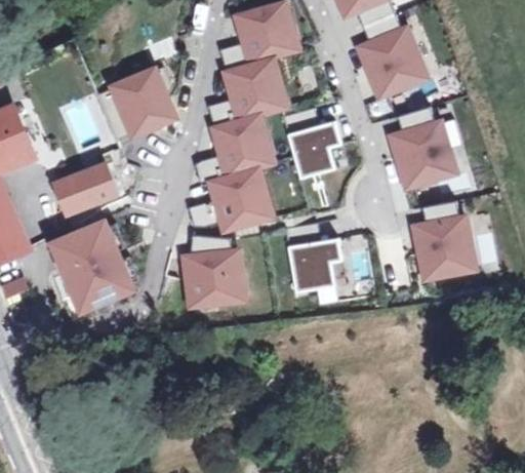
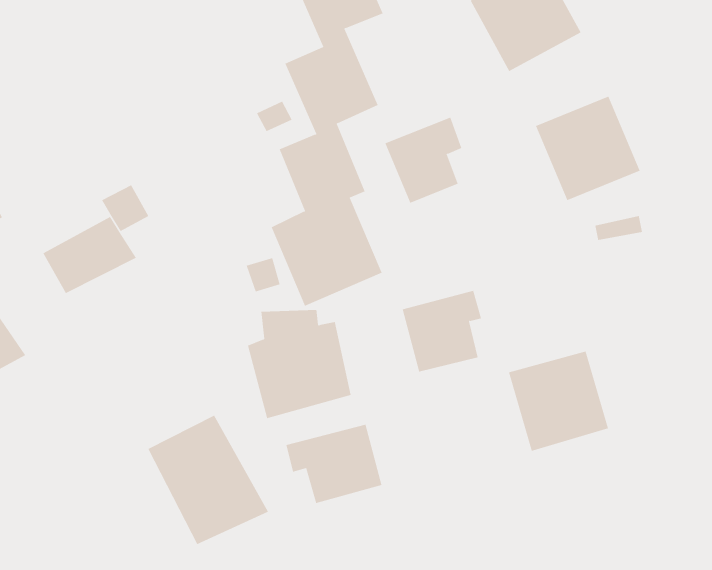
building: [109,69,175,137] -> none
building: [412,215,475,278] -> [508,351,609,451]
building: [62,225,137,310] -> [147,415,269,545]
building: none -> [286,424,382,504]

